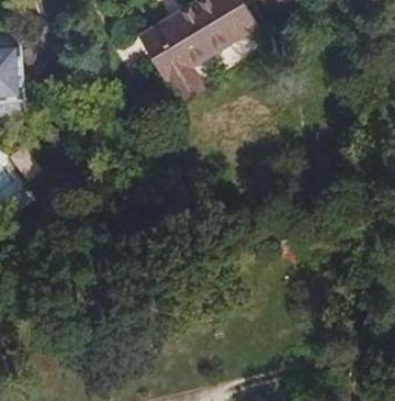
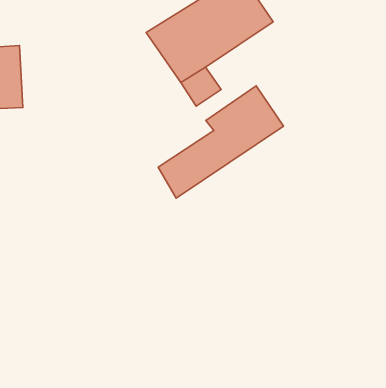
building: none -> [158,86,284,198]

